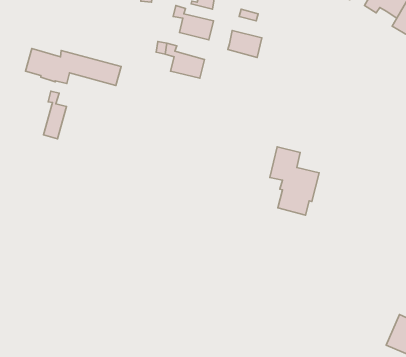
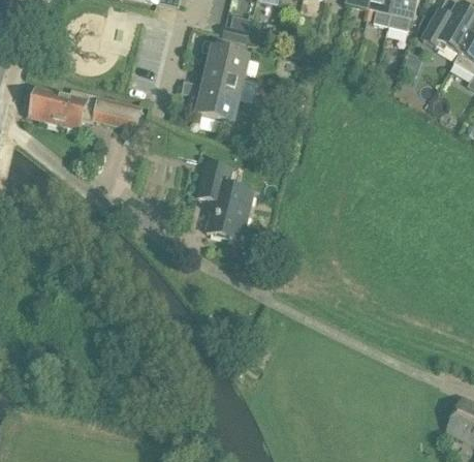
building: [228,31,262,57] -> [202,69,242,100]
building: [44,91,67,139] -> none
building: [270,147,319,215] -> [196,160,253,239]

